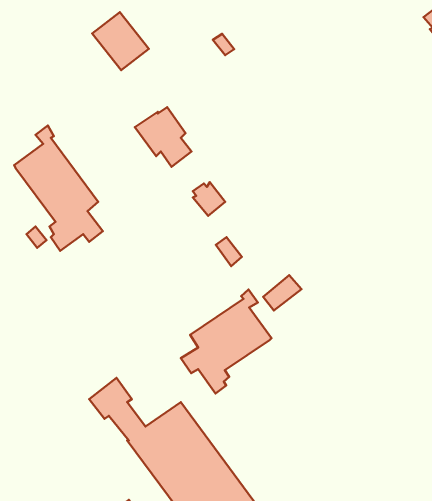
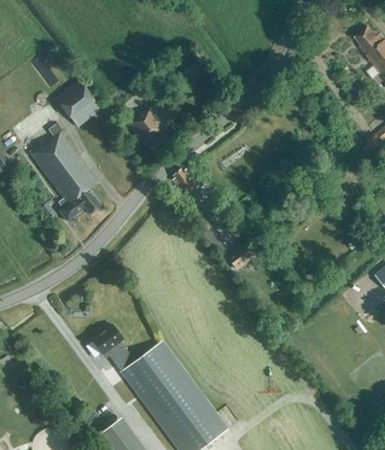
building: [92,12,149,70] -> [57,81,101,127]
building: [181,289,271,394] -> none

